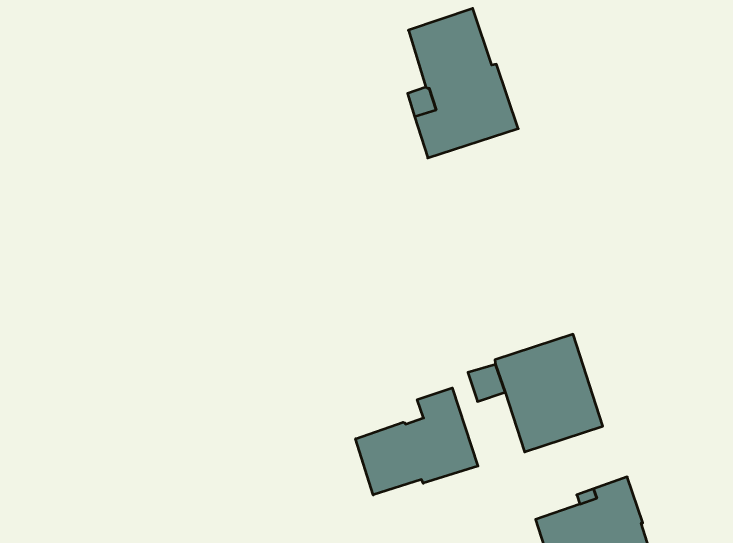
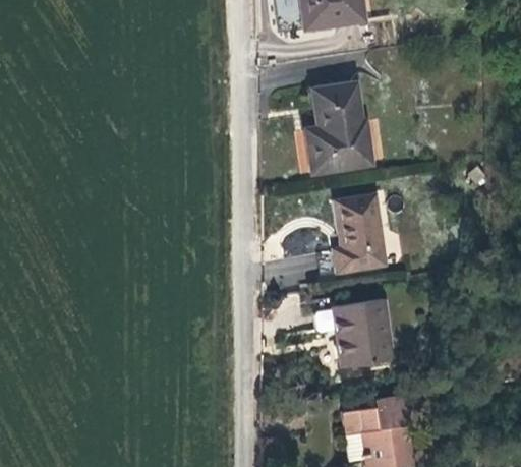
building: none -> [333,194,387,273]
building: [356,388,478,495] -> none

